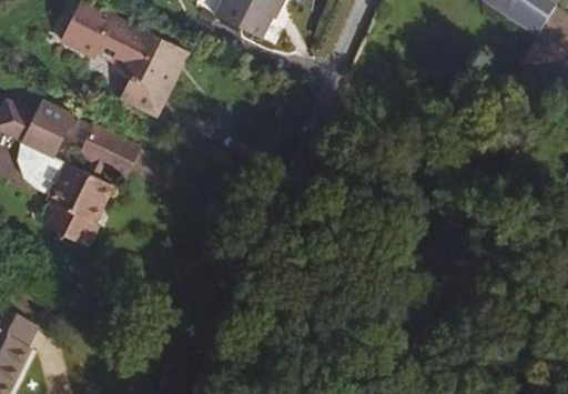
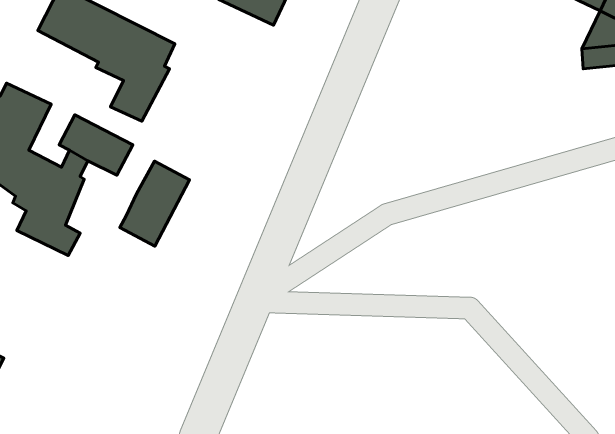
building: none -> [120,161,190,246]

